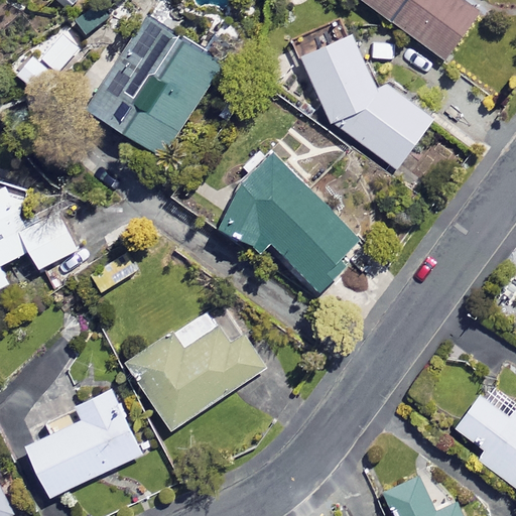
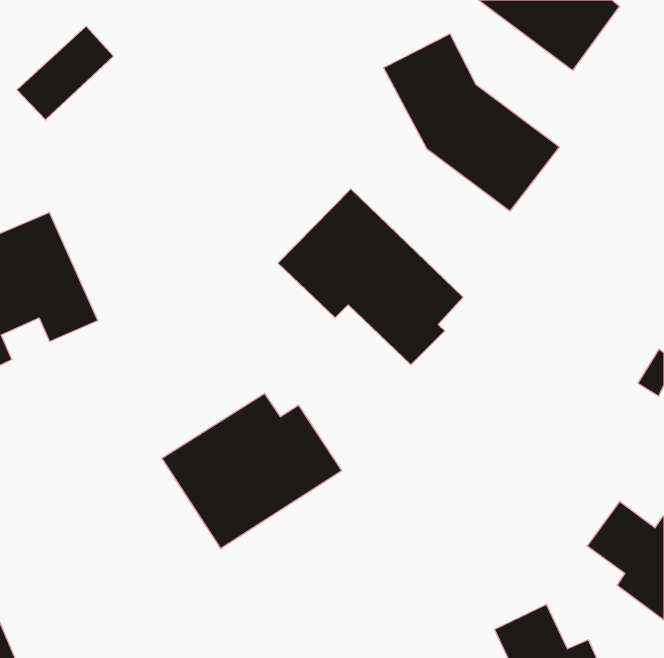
building: [87,12,224,155] -> none
building: [26,388,141,496] -> none

